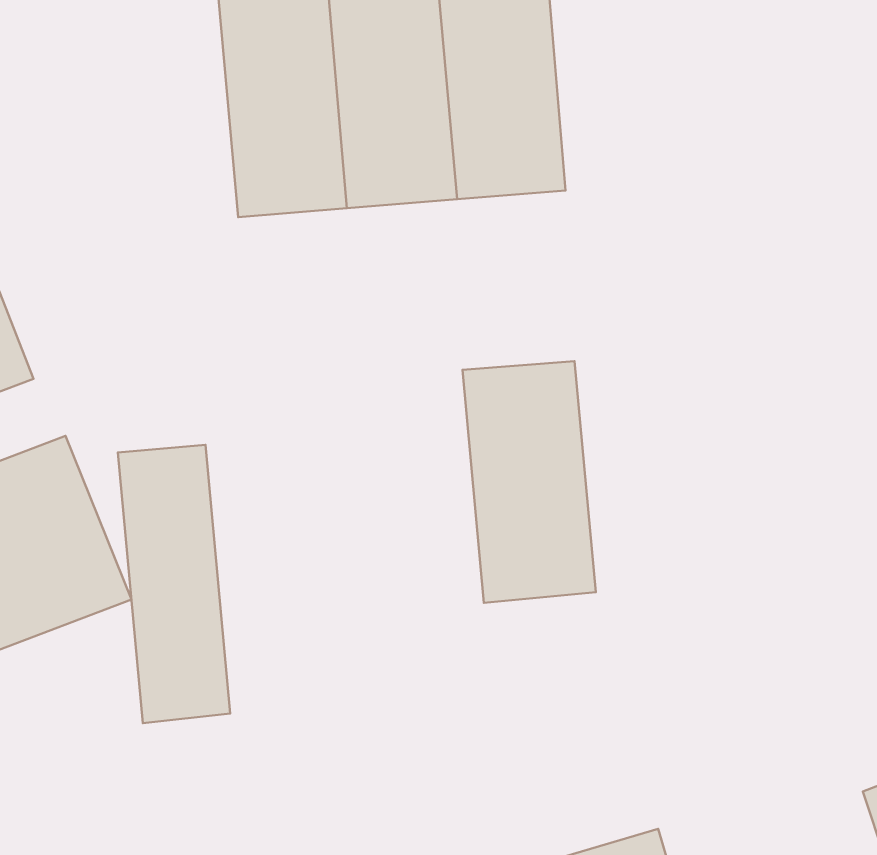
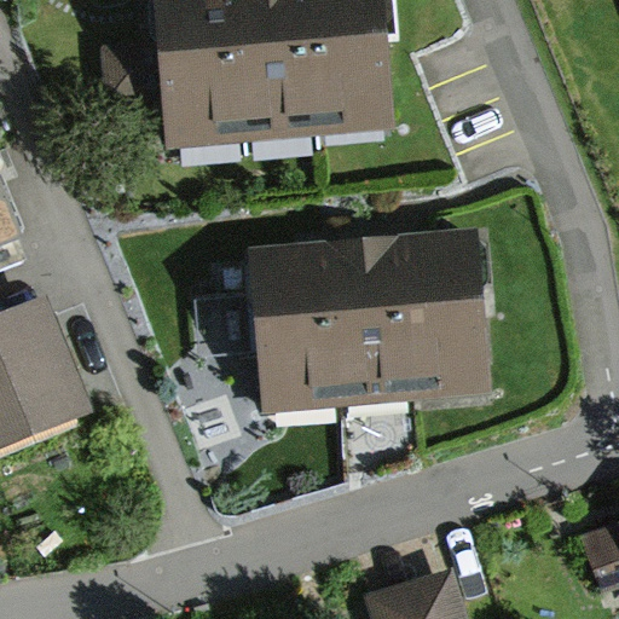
building: none -> [397,239,487,404]
building: none -> [244,253,335,417]
building: [118,445,230,723] -> none

